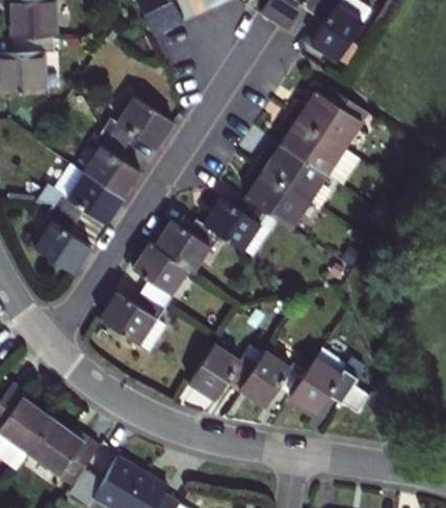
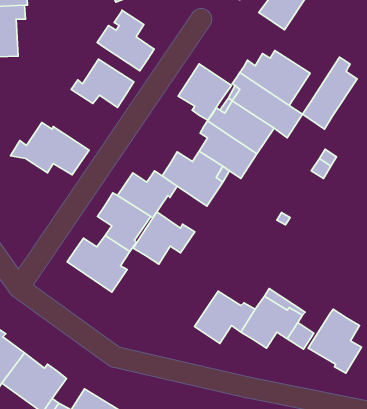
building: none -> [302,57,357,129]
building: none -> [178,64,231,120]
building: [78,130,140,196] -> [97,10,154,71]
building: [34,206,90,272] -> none
building: [188,345,256,402] -> [133,212,195,264]
building: none -> [308,309,362,373]

